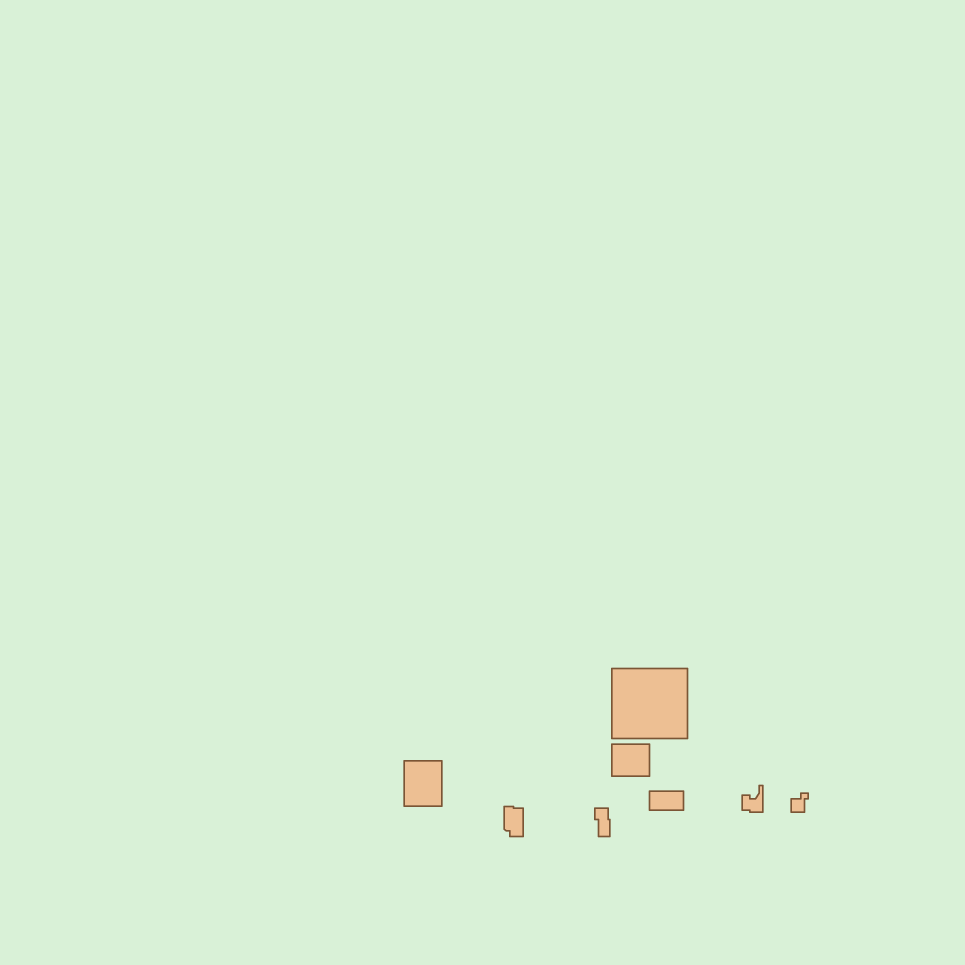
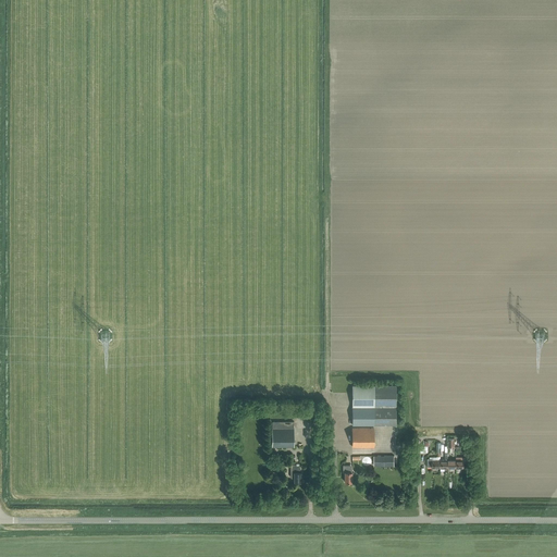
building: [404,761,442,806] -> [272,421,294,447]

